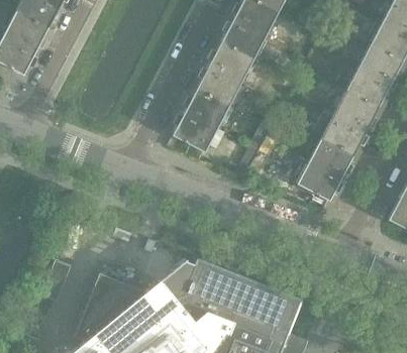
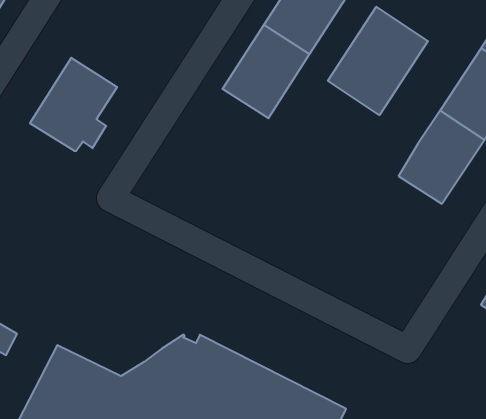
building: none -> [328,7,428,115]
building: [173,89,230,152] -> [30,58,117,151]
building: [298,137,354,202] -> none

